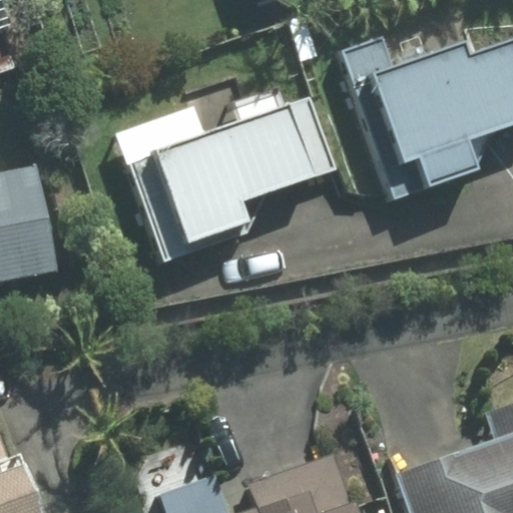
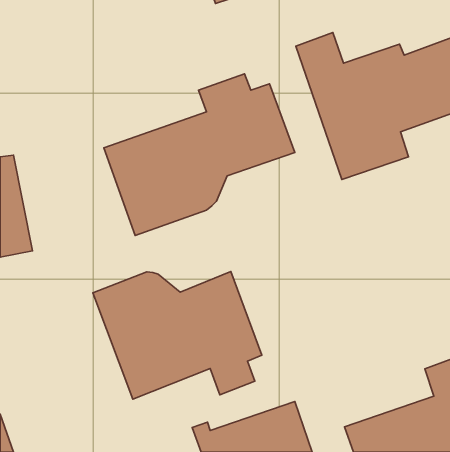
building: none -> [93,271,262,399]

